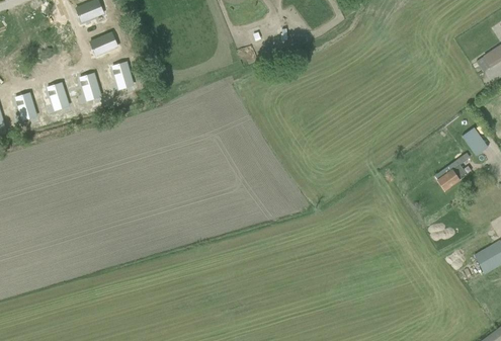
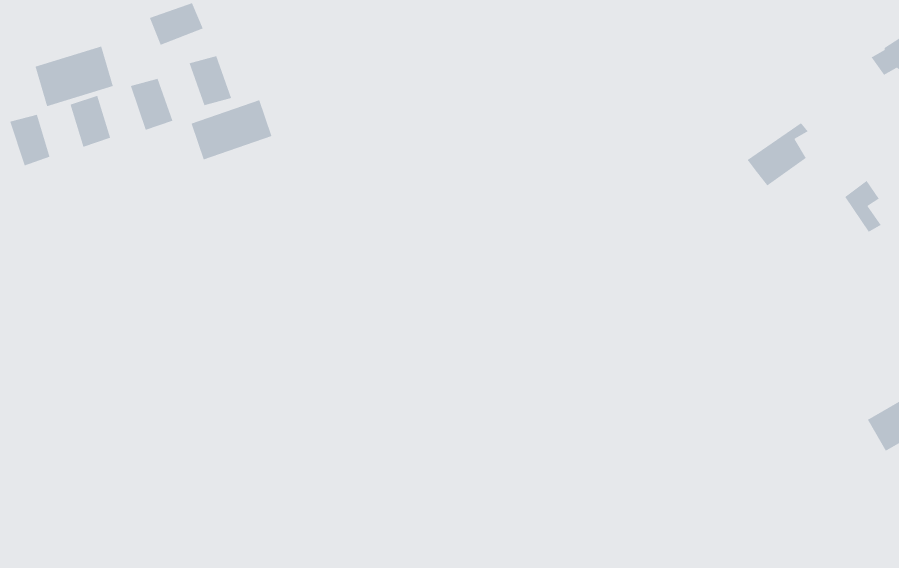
building: none -> [34,46,114,107]
building: none -> [191,99,272,161]
building: [434,155,468,189] -> [746,122,809,186]

